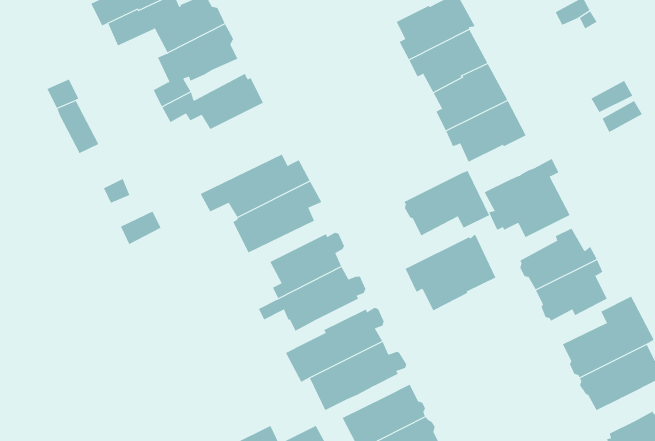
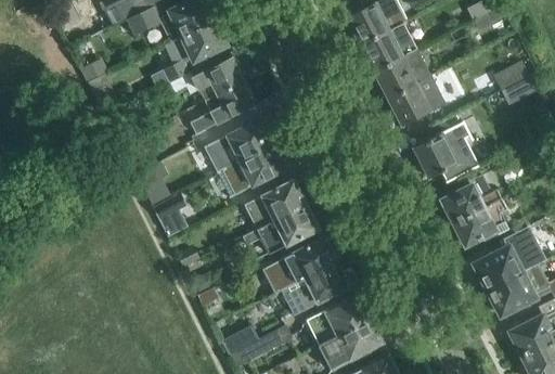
building: none -> [190,79,256,133]
building: [404,170,490,236] -> none
building: [405,234,496,311] -> none
building: none -> [153,193,188,237]

